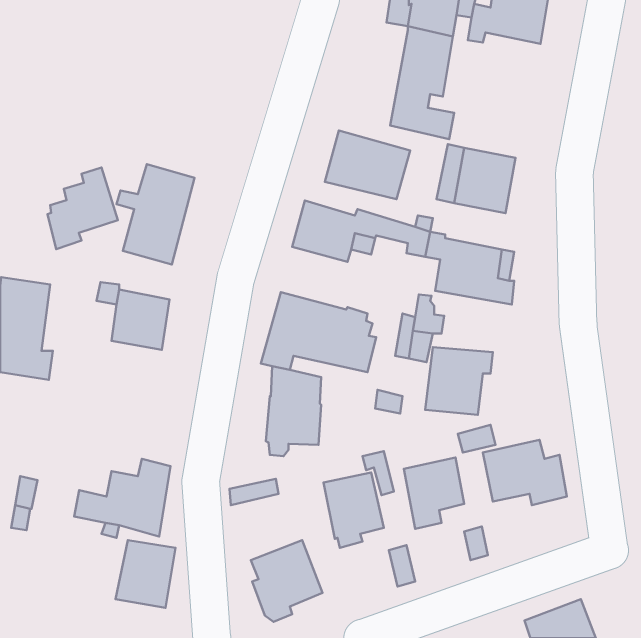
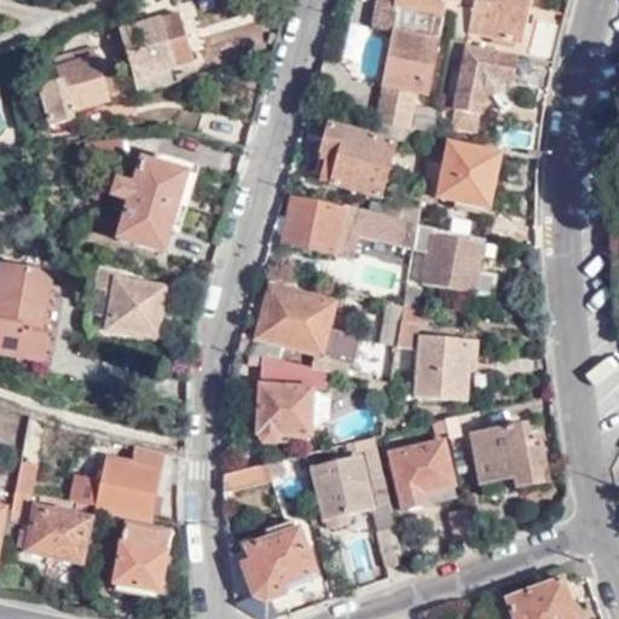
building: none -> [116,12,189,91]
building: none -> [458,48,516,112]
building: [48,168,118,249] -> [39,47,106,126]
building: none -> [25,505,88,560]

